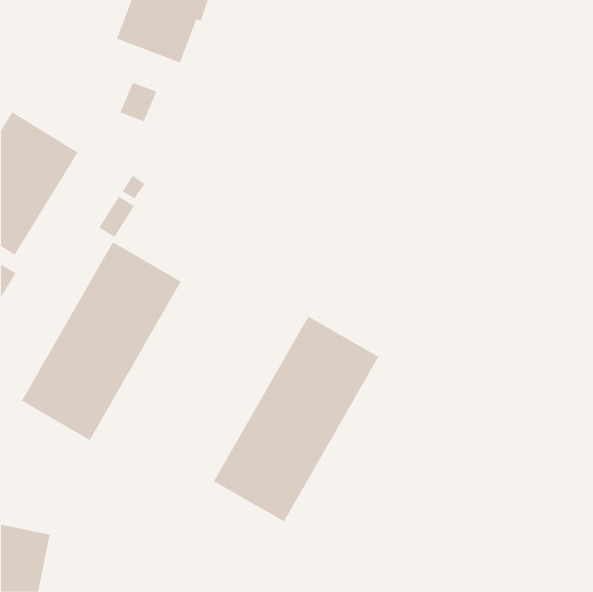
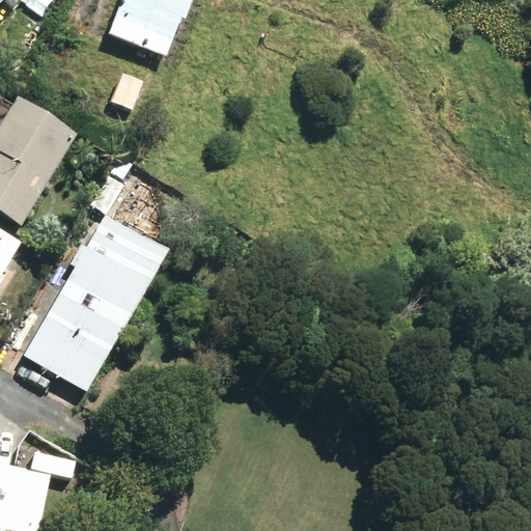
building: [213,316,379,522] -> none

